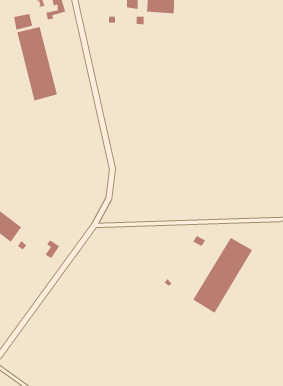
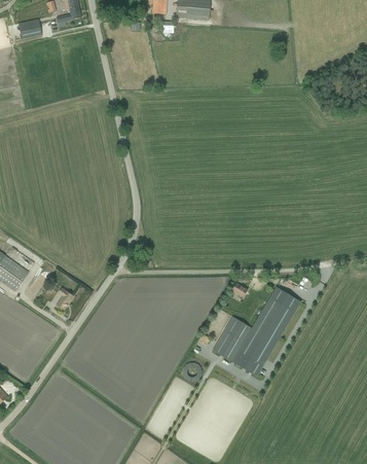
building: [16,26,58,101] -> none
building: none -> [210,314,248,358]

